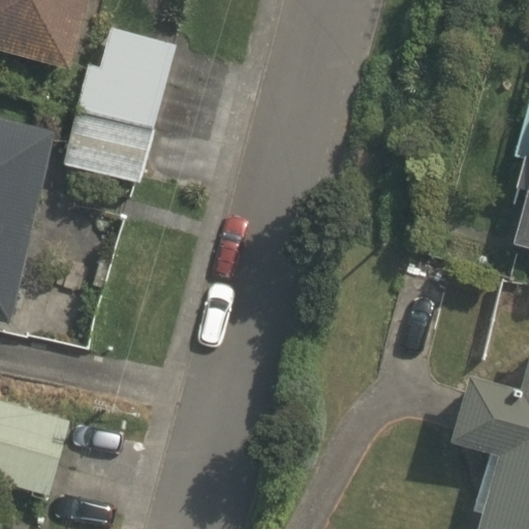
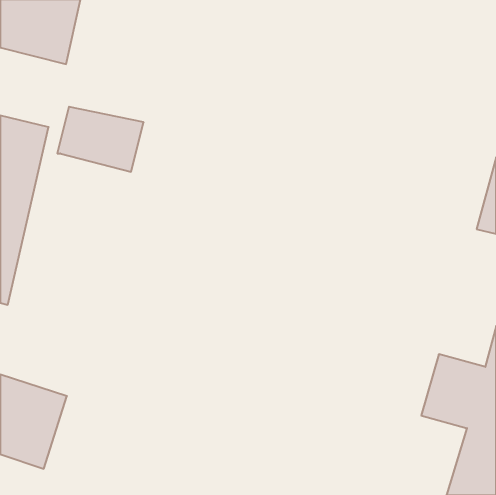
building: [73,27,175,130] -> none

